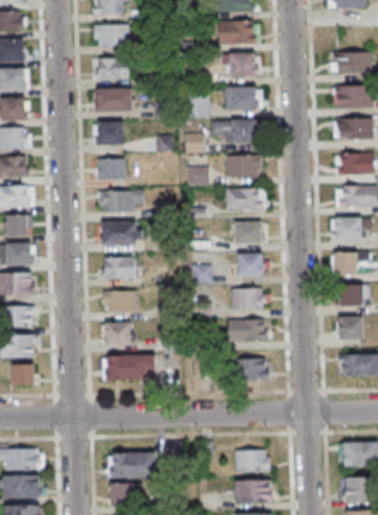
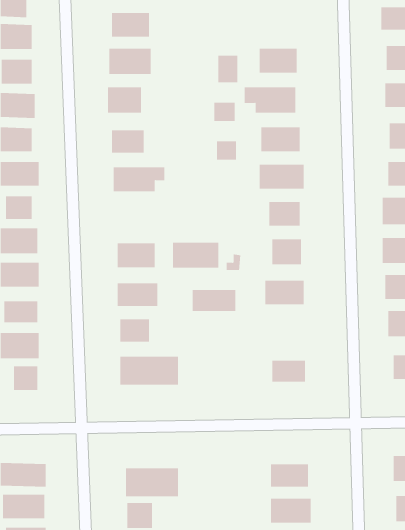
building: [226,55,257,78] -> none
building: [101,223,142,246] -> [172,242,219,268]
building: [227,322,265,341] -> [192,290,236,312]

